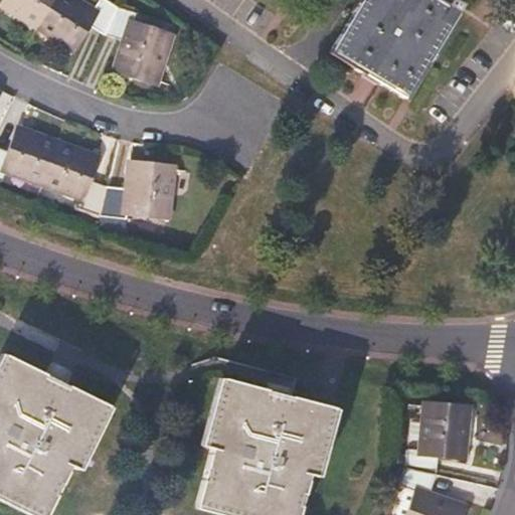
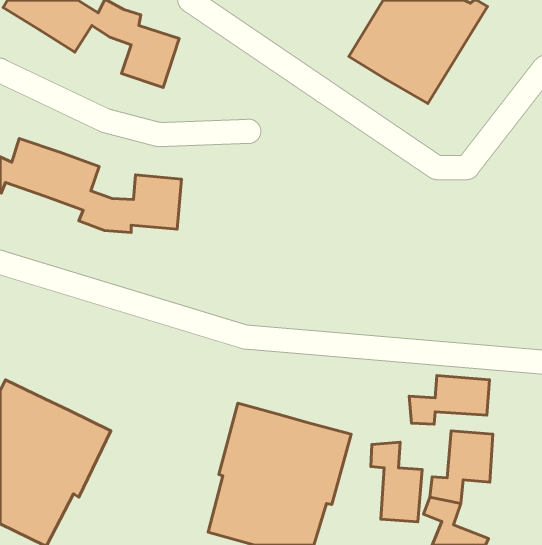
building: none -> [409,375,489,424]
building: none -> [371,442,422,522]

